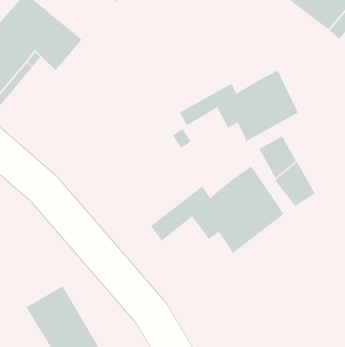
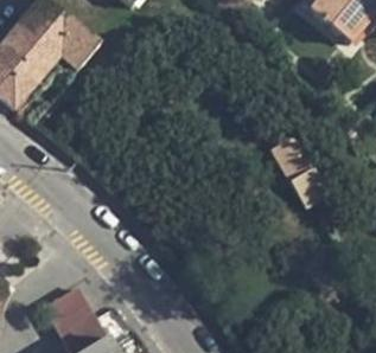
building: [179,70,298,142] -> none
building: [150,165,285,254] -> none

